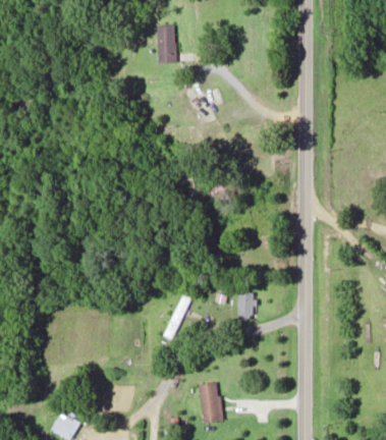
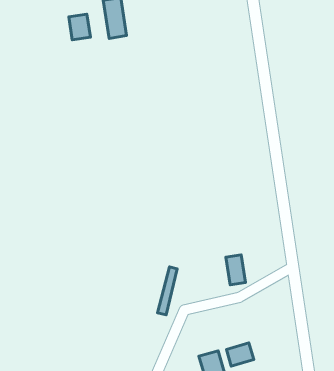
building: none -> [69,14,91,40]
building: none -> [226,343,254,366]

